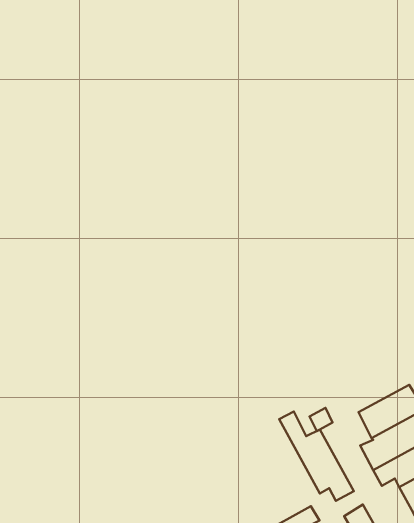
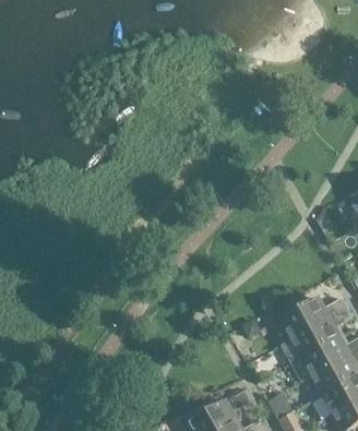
building: [279,411,354,501] -> none

